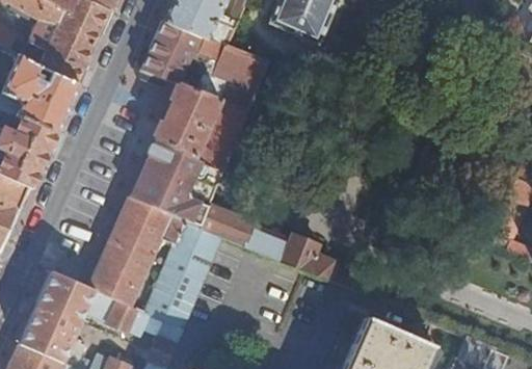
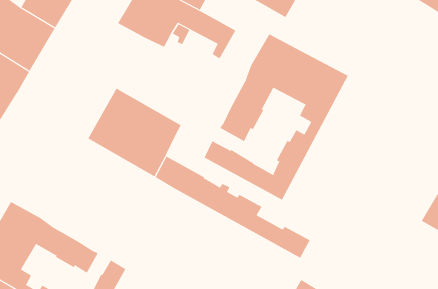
building: none -> [204,33,349,200]
building: [150,81,249,168] -> none
building: [86,194,222,327] -> none

